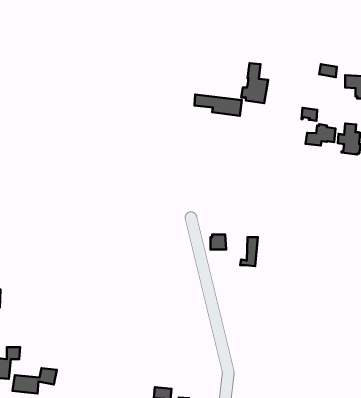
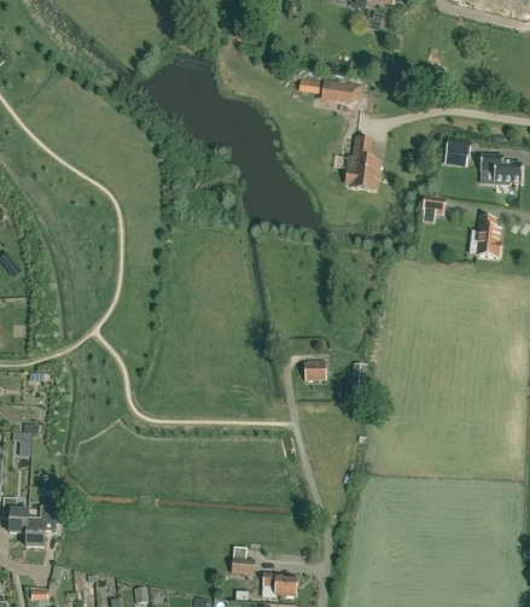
building: [194,94,242,116] -> [299,75,361,103]
building: [306,124,335,145] -> none
building: [13,368,57,393] -> none

